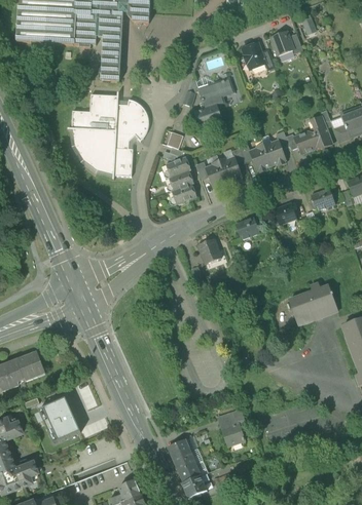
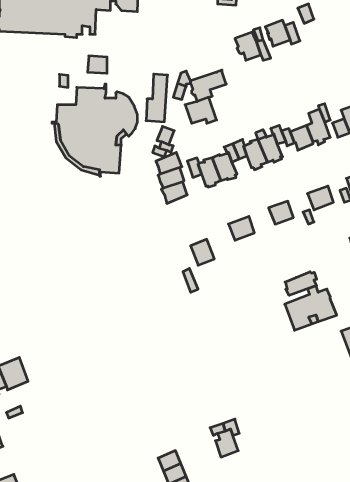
building: [102,21,122,66] -> [146,74,168,122]
building: none -> [285,272,317,295]
building: [38,397,80,443] -> none

